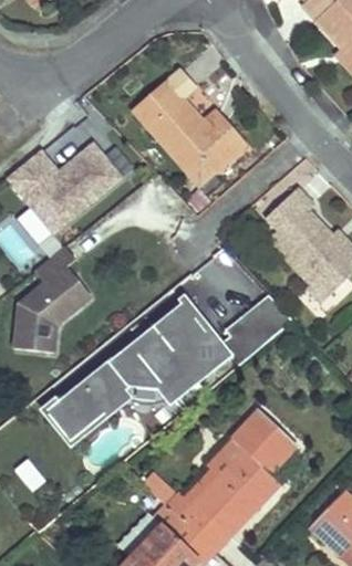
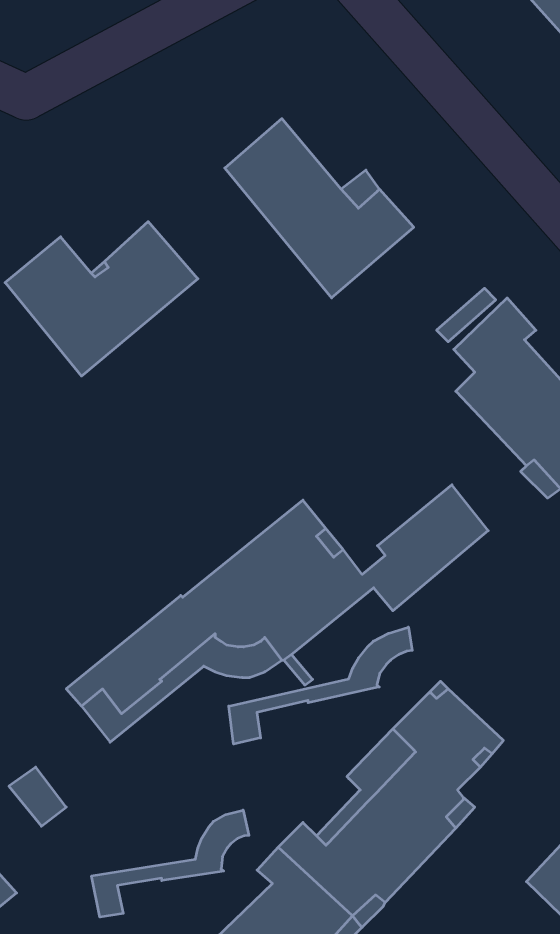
building: [14,244,91,352] -> none
building: none -> [229,627,412,744]
building: none -> [92,810,249,917]

